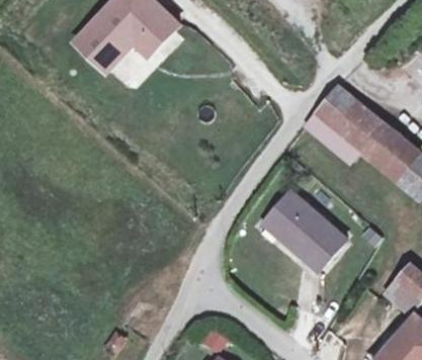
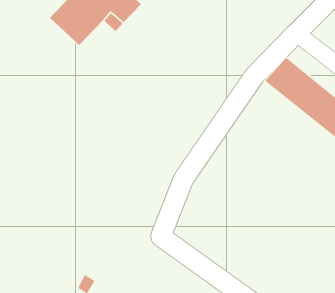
building: [263,189,346,268] -> none

